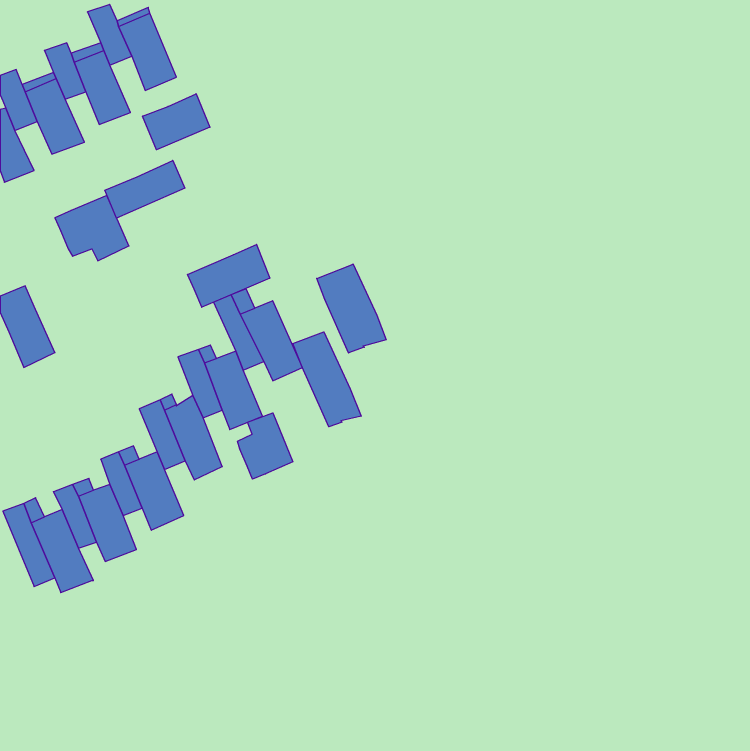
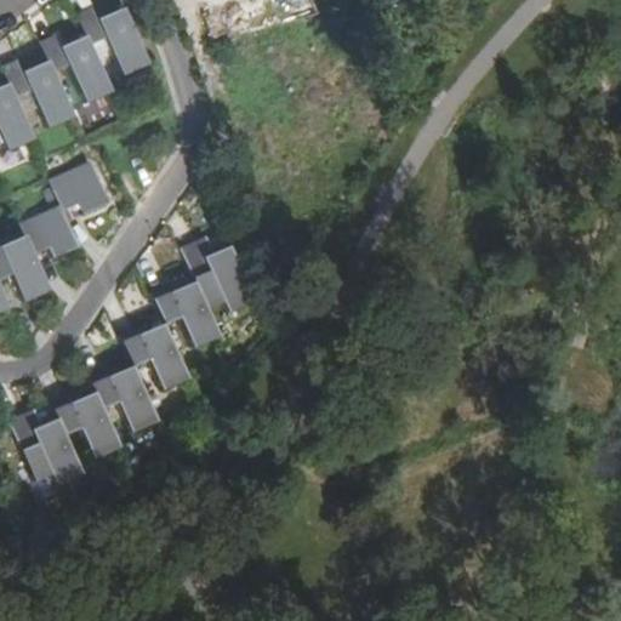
building: [143,94,210,150] -> none
building: [105,160,185,218] -> none
building: [188,244,270,307] -> none
building: none -> [21,204,80,253]
building: [317,264,386,353] -> none
building: [293,332,361,427] -> none
building: [238,413,293,479] -> none

